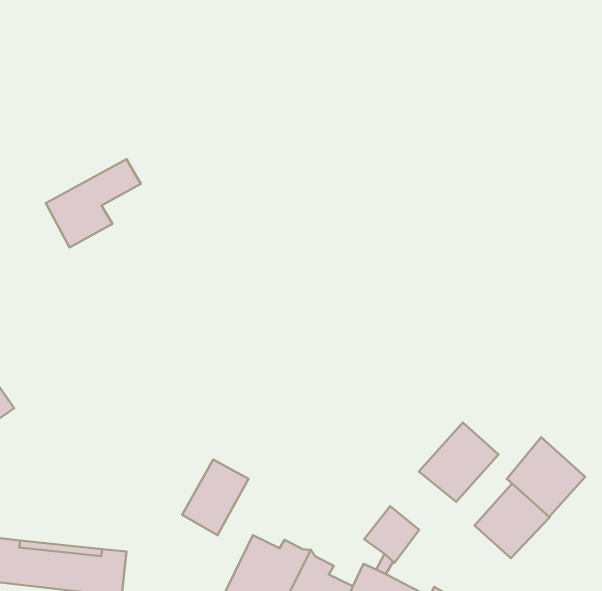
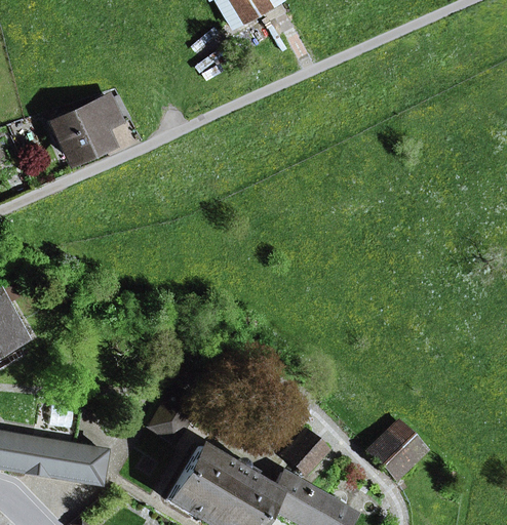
building: [46,159,141,247] -> [57,96,130,160]
building: [419,423,498,502] -> none
building: [507,437,585,517] -> none

